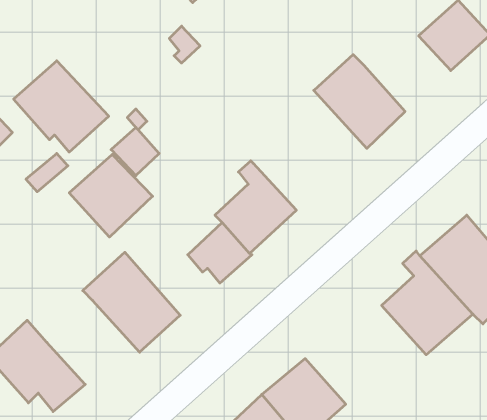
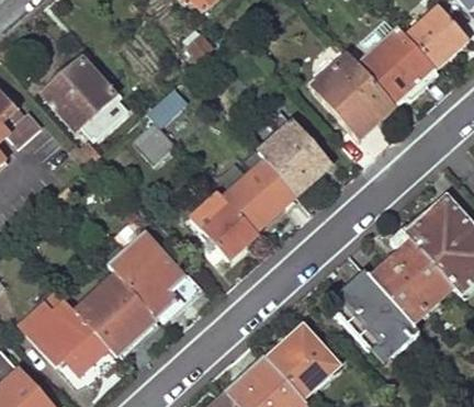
building: none -> [356,27,432,104]
building: none -> [257,109,327,192]
building: [69,154,153,237] -> none
building: none -> [327,269,419,354]
building: none -> [74,272,156,355]

